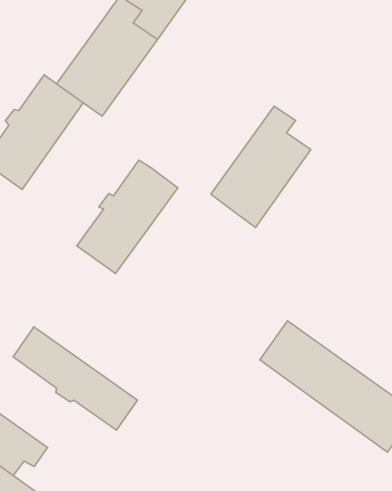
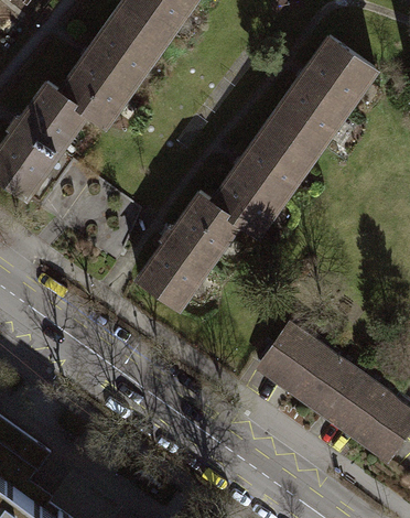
building: none -> [273,41,374,161]
building: [77,160,178,274] -> [137,197,237,310]
building: [13,327,137,430] -> none

